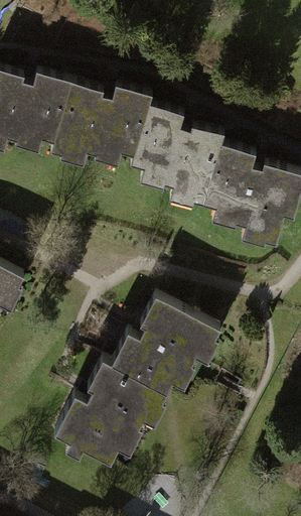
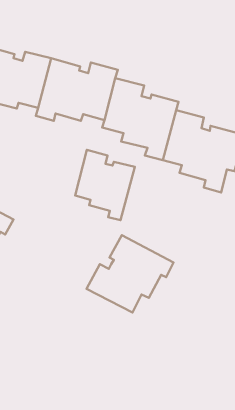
building: none -> [75,150,135,220]
building: [54,360,168,462] -> none

